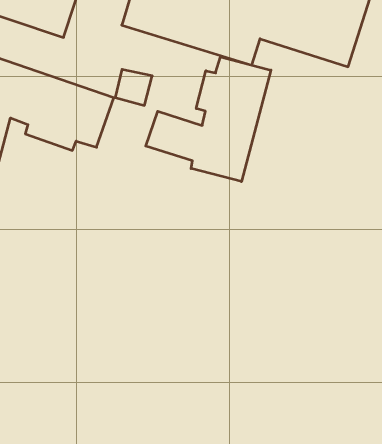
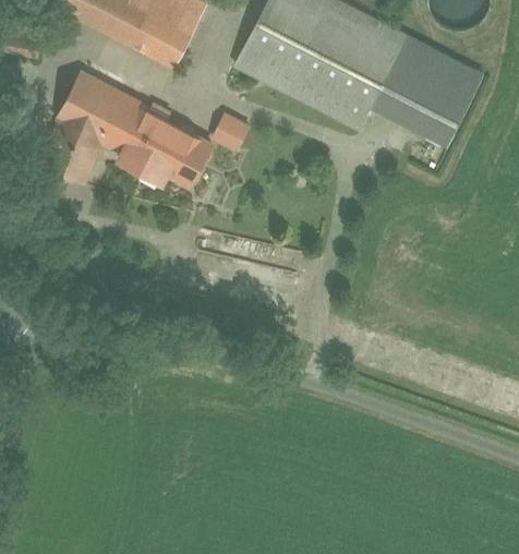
building: [146,57,271,182] -> none

